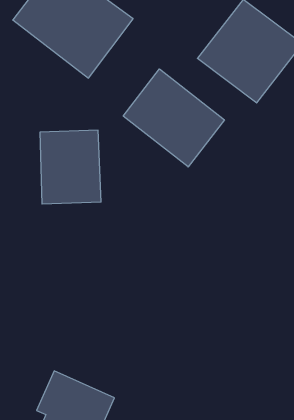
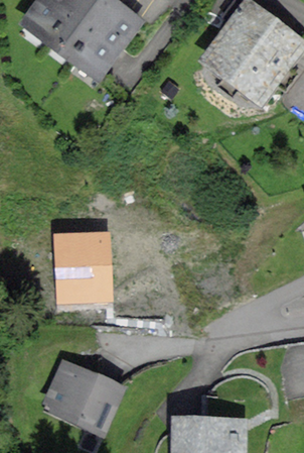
building: [123,69,224,167] -> none
building: [40,130,101,204] -> [53,231,113,303]

